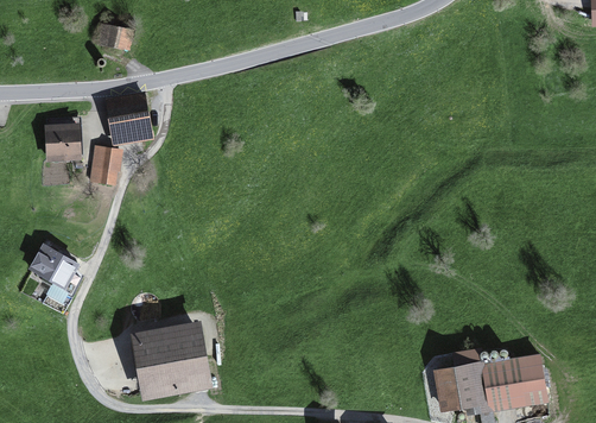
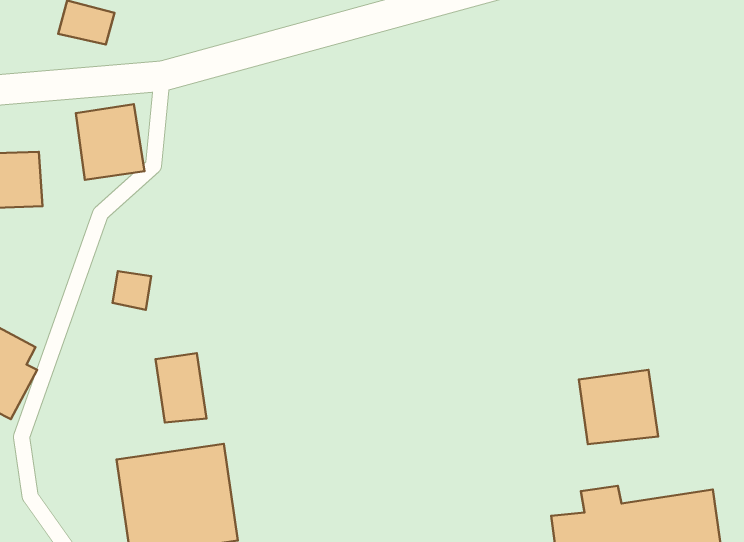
building: [96,147,122,173] -> [113,271,151,310]
building: none -> [155,353,207,422]
building: none -> [579,370,658,444]

